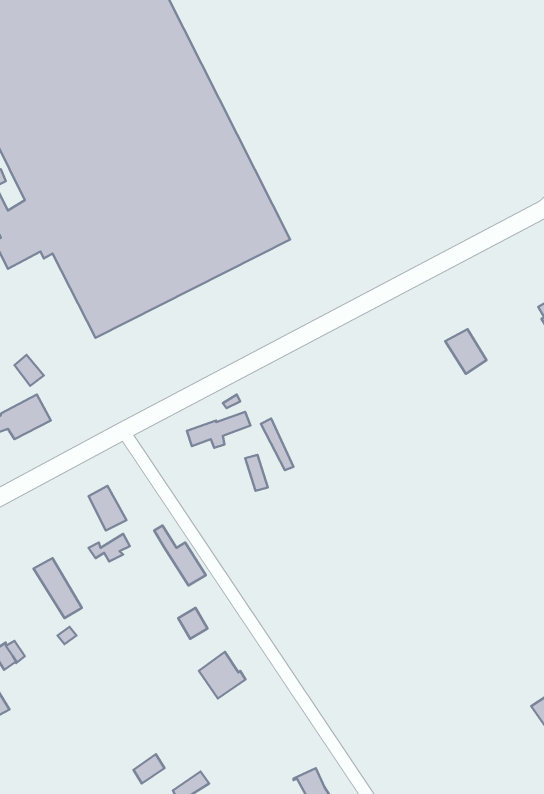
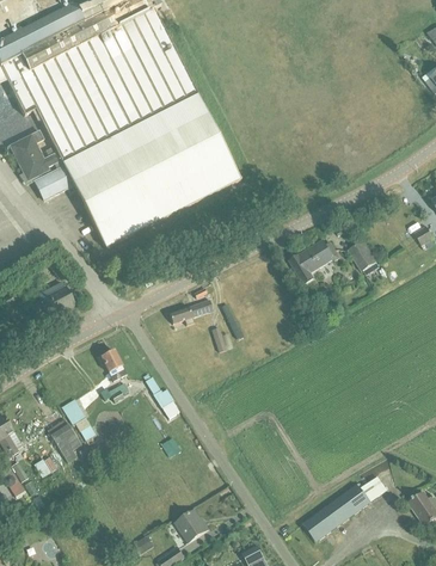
building: none -> [289,239,339,283]
building: none -> [50,418,81,463]
building: [199,652,245,698] -> [176,509,208,541]
building: none -> [302,476,387,541]

